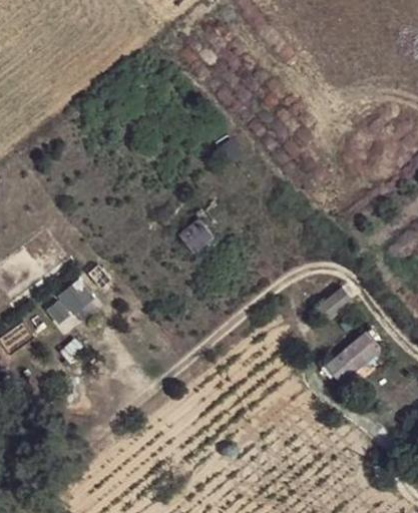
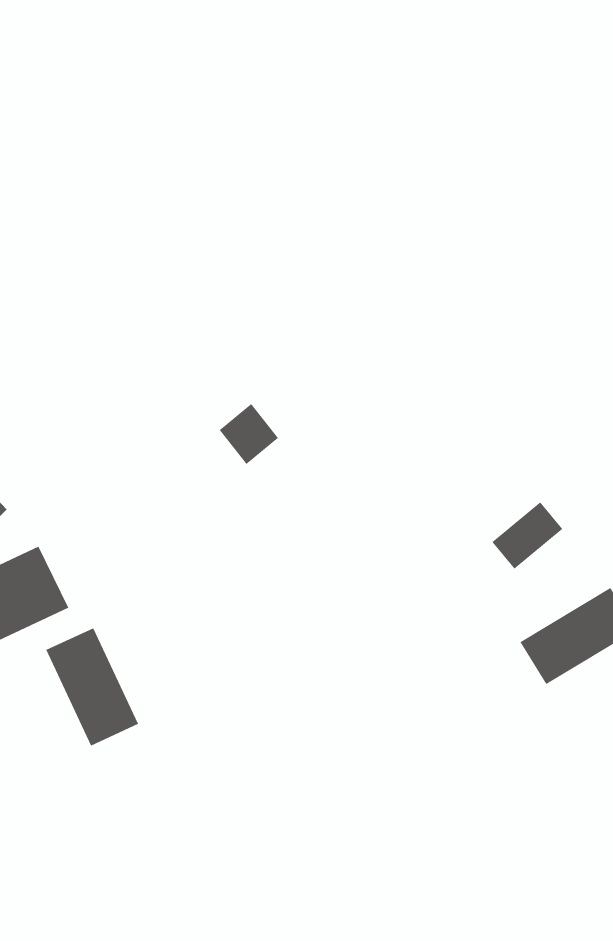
building: none -> [45,627,139,746]

